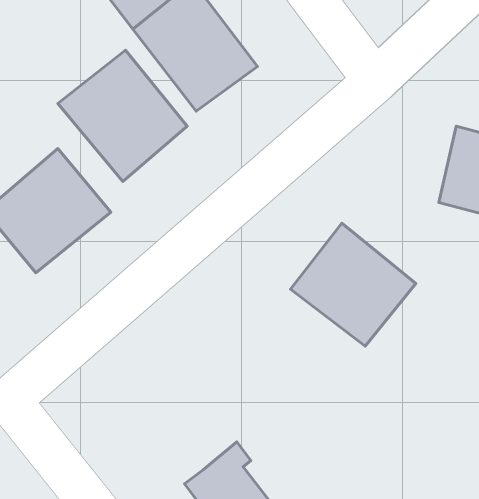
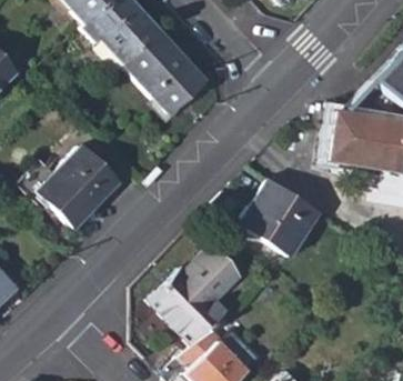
building: [58,50,187,182] -> none
building: none -> [152,245,243,347]

